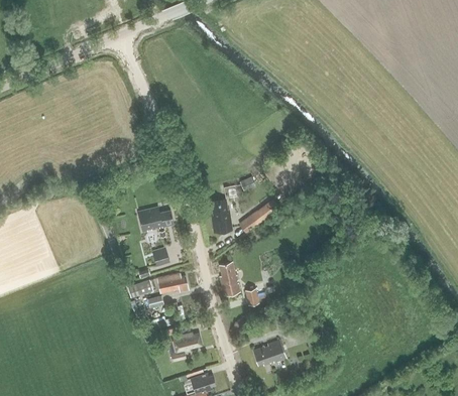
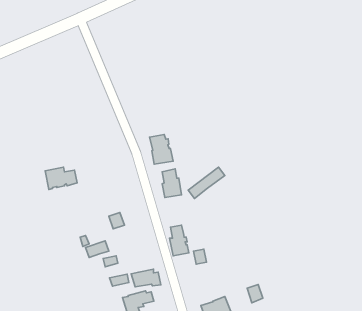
building: none -> [150,134,173,164]
building: [138,208,174,232] -> [45,167,77,189]
building: [156,273,189,292] -> [131,269,161,287]

